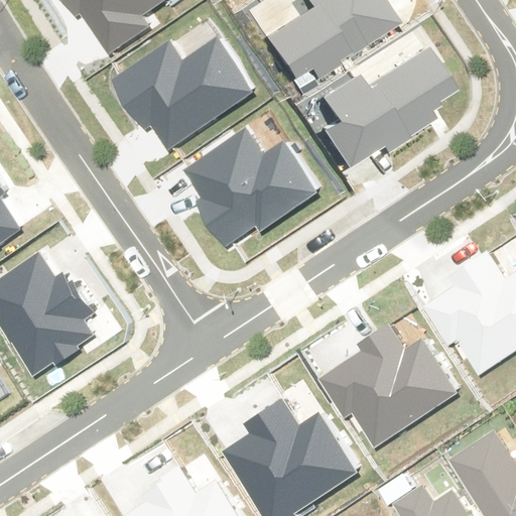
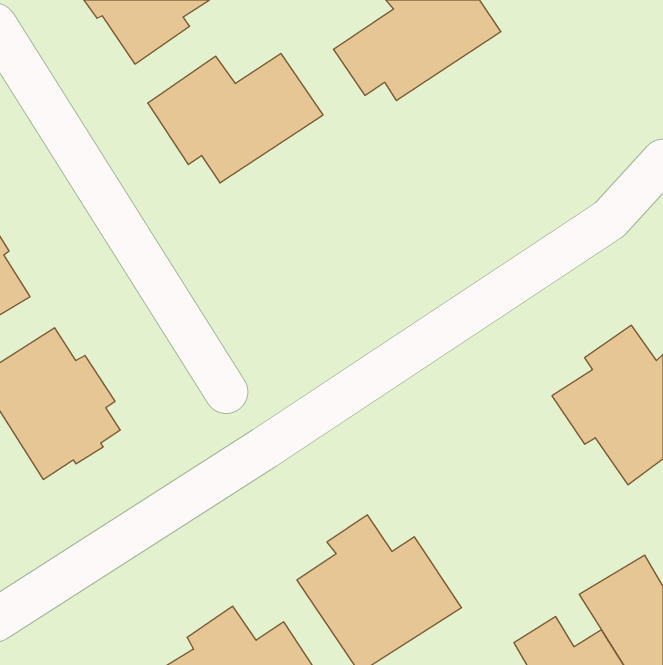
building: [309,52,437,171] -> none
building: [187,133,315,244] -> none
building: [324,325,460,447] -> none

